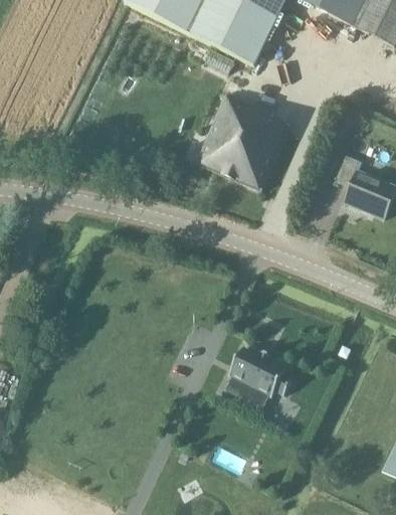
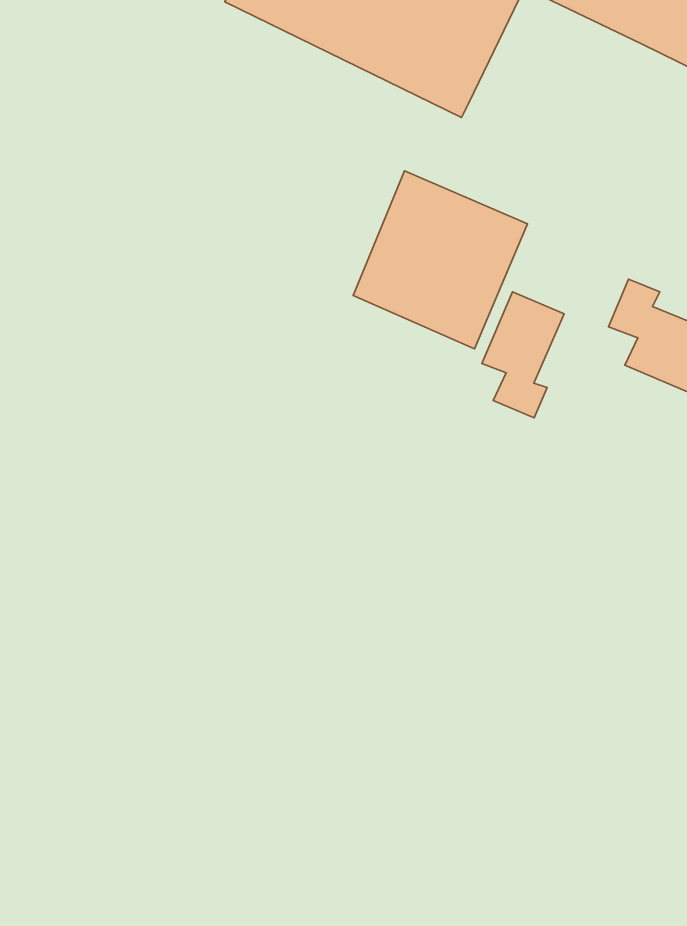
building: none -> [482,292,564,418]
building: [229,346,292,406] -> none

